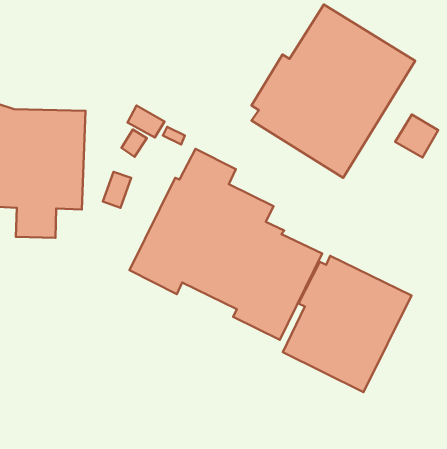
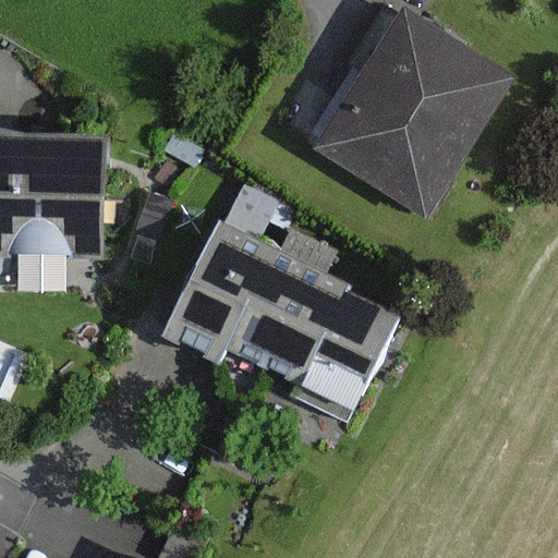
building: [283,256,411,392] -> none

